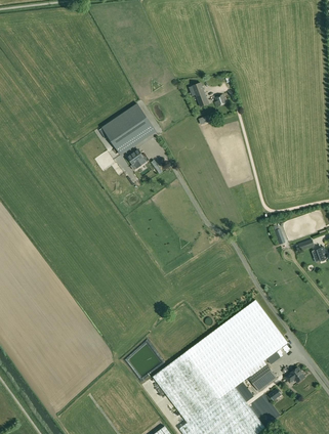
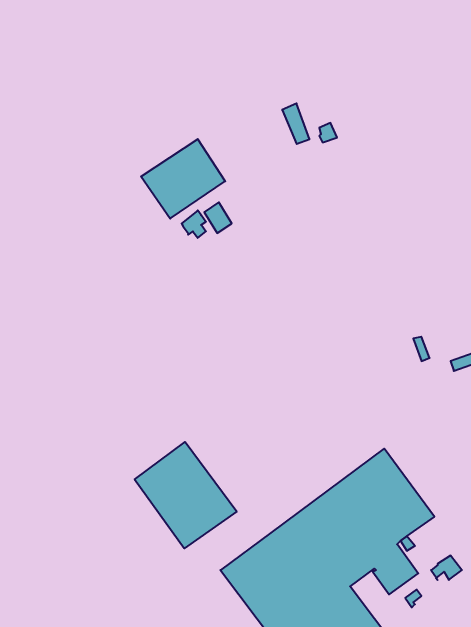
building: none -> [135,442,237,548]

